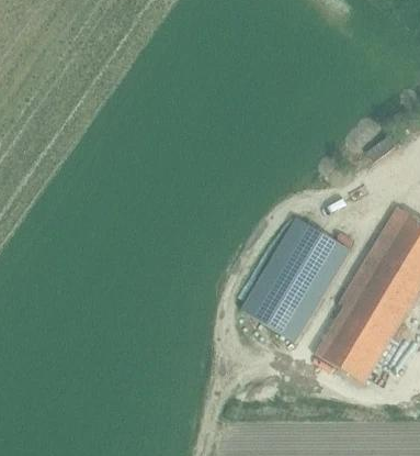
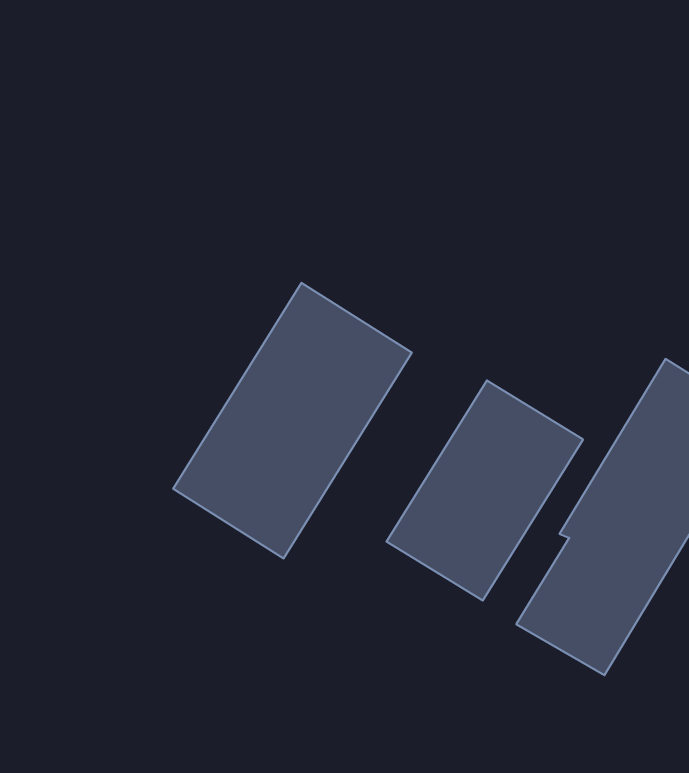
building: none -> [173,283,412,559]

